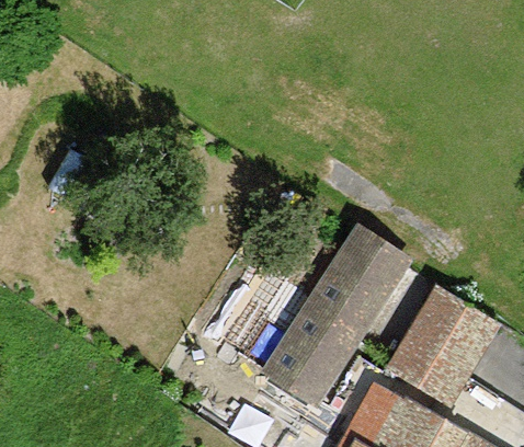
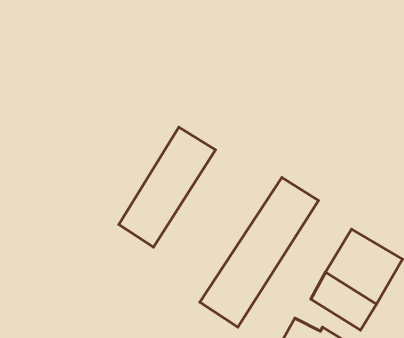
building: none -> [119,127,215,247]

